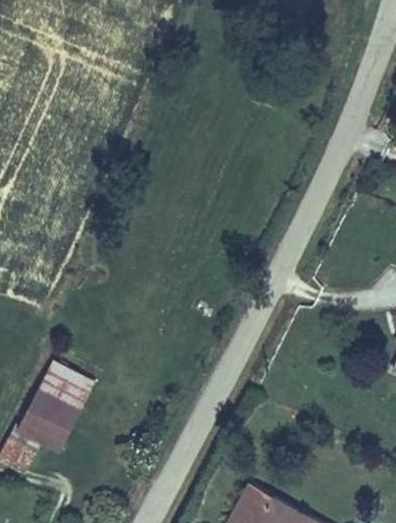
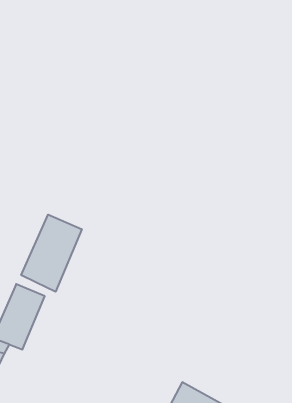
building: none -> [21,215,82,292]

